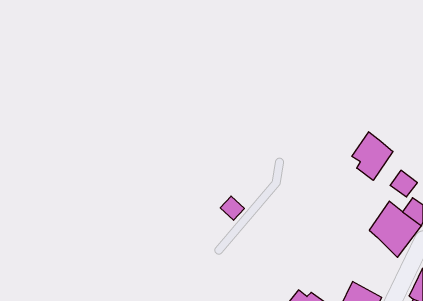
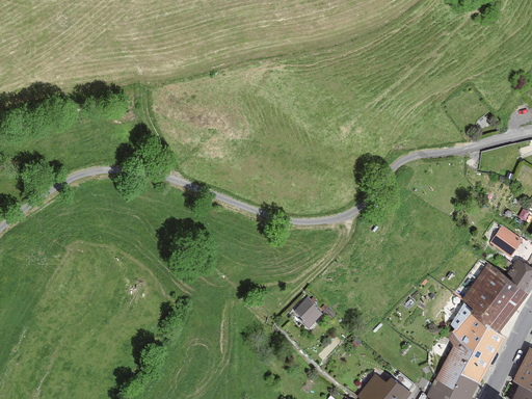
building: [352,132,393,180] -> none
building: [220,196,244,220] -> [293,297,323,327]
building: none -> [442,309,504,383]

